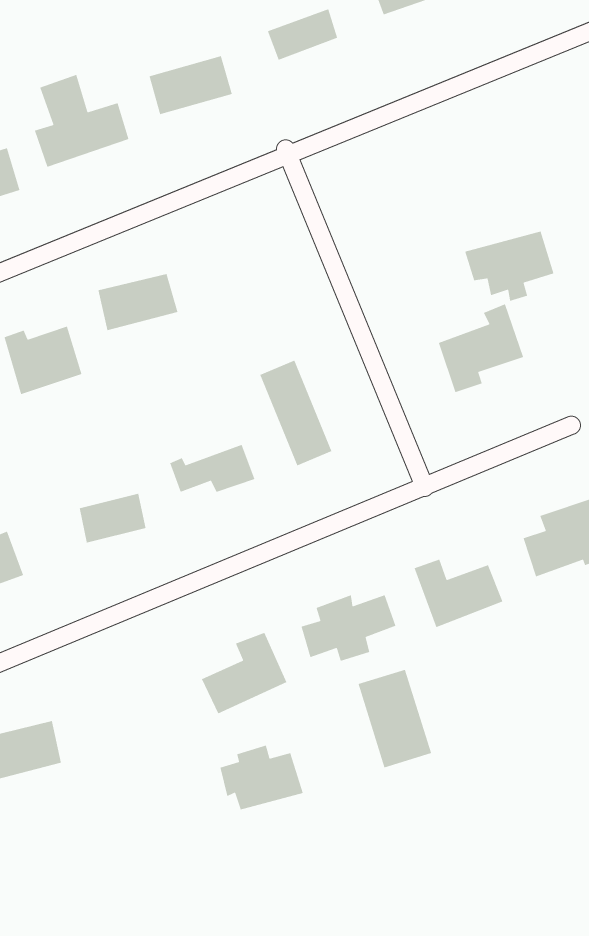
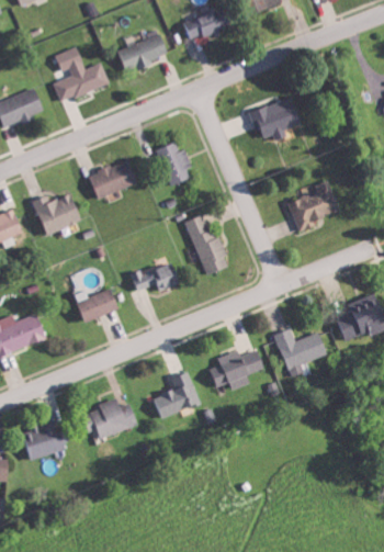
building: [464,230,554,302] -> [248,99,301,140]
building: none -> [155,143,191,185]
building: [357,669,432,768] -> none
building: [219,745,304,810] -> [88,398,137,437]

